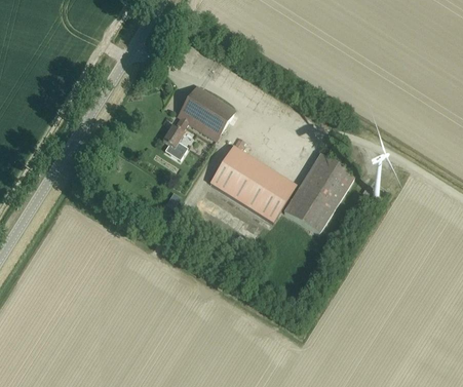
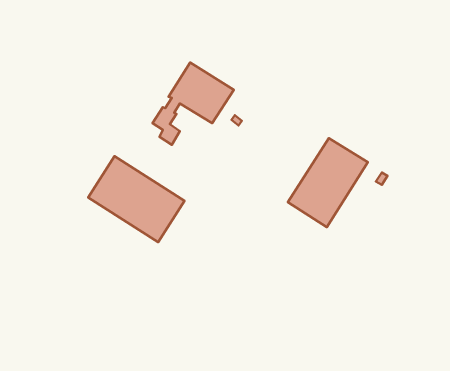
building: [209,145,296,222] -> [88,156,184,242]

